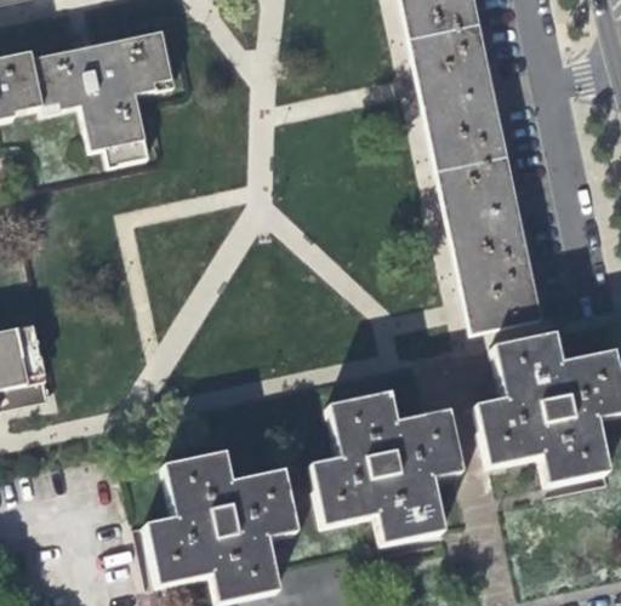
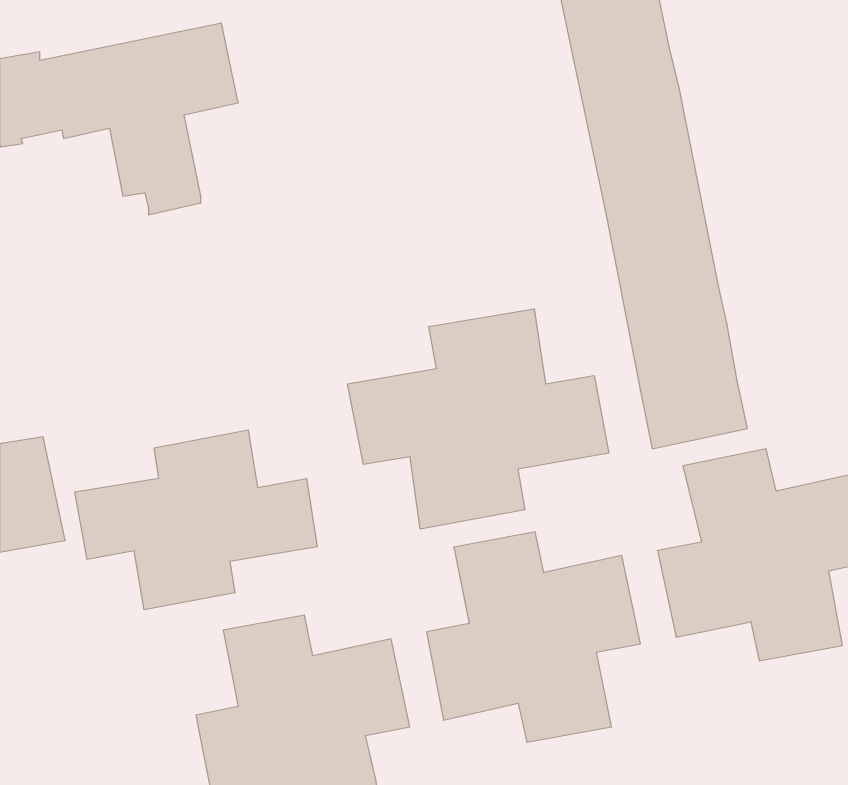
building: none -> [348,309,609,529]
building: none -> [75,430,317,610]

